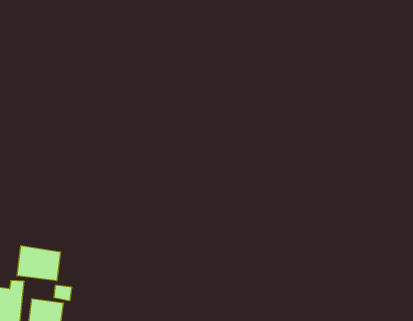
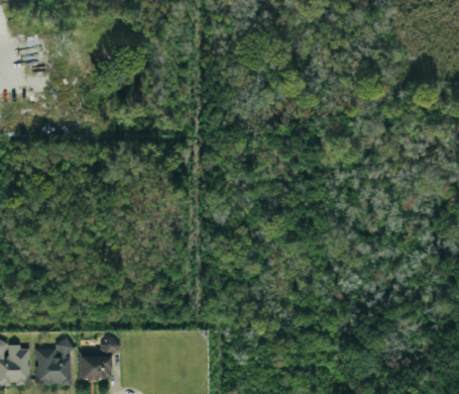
building: [17,246,60,281] -> none

